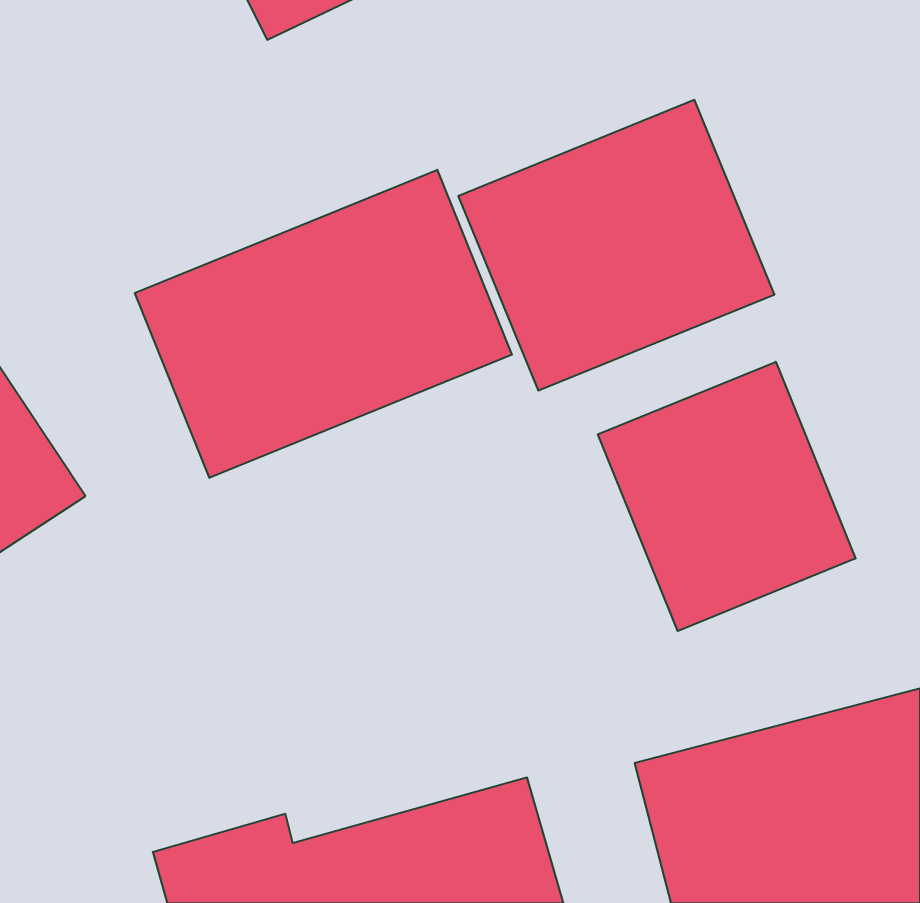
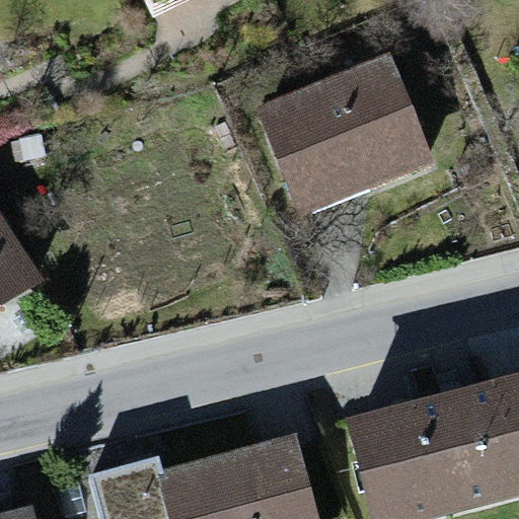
building: [135,170,512,478] -> none
building: [598,362,856,631] -> none

